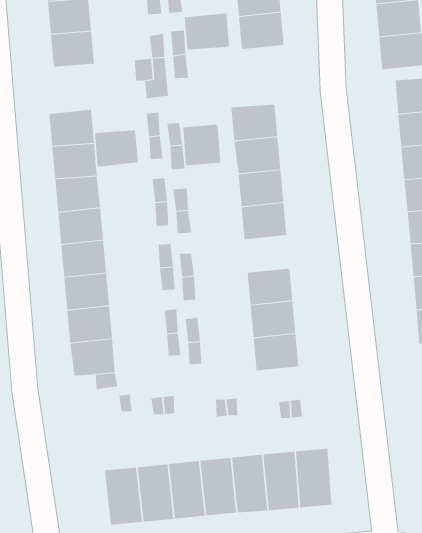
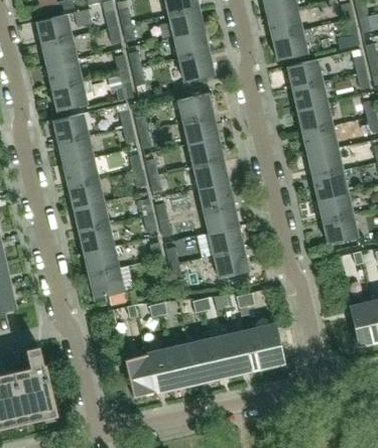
building: [184,13,230,50] -> [179,52,214,82]
building: [183,124,221,166] -> none
building: [94,130,139,167] -> [52,83,86,112]
building: none -> [199,182,233,211]

